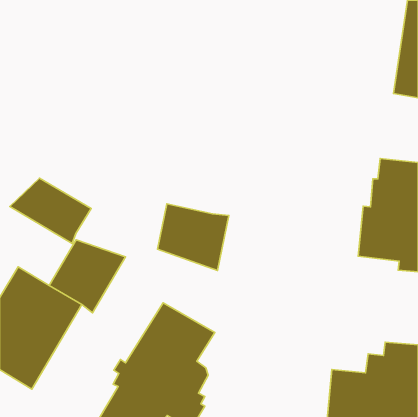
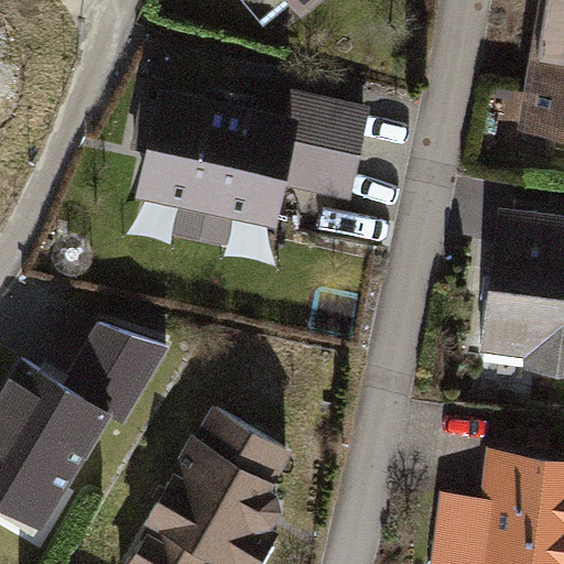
building: none -> [135,88,366,240]
building: [10,178,91,243] -> none
building: [158,204,229,271] -> none

